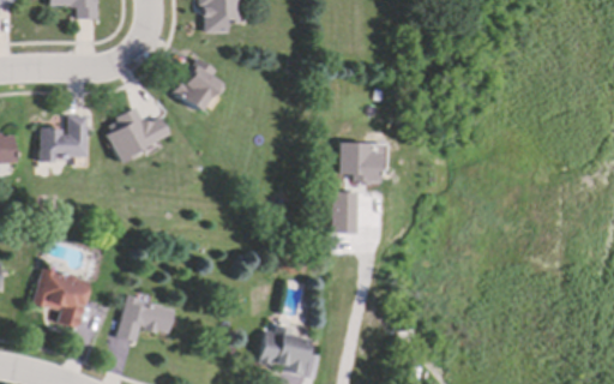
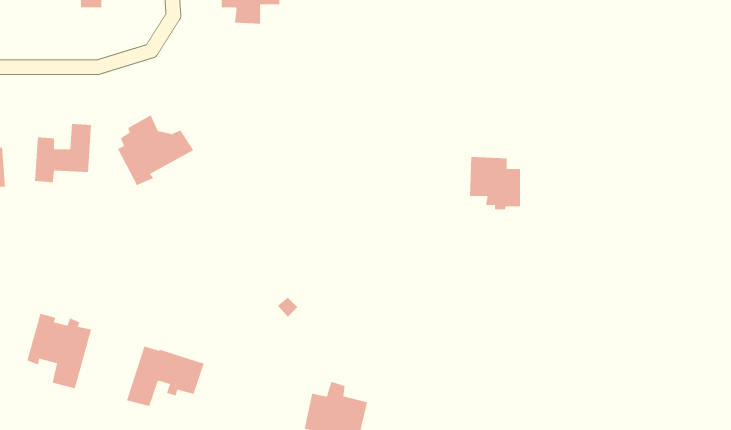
building: [173,56,215,108] -> none
building: [339,143,381,186] -> [469,157,521,210]
building: [332,194,359,236] -> none

